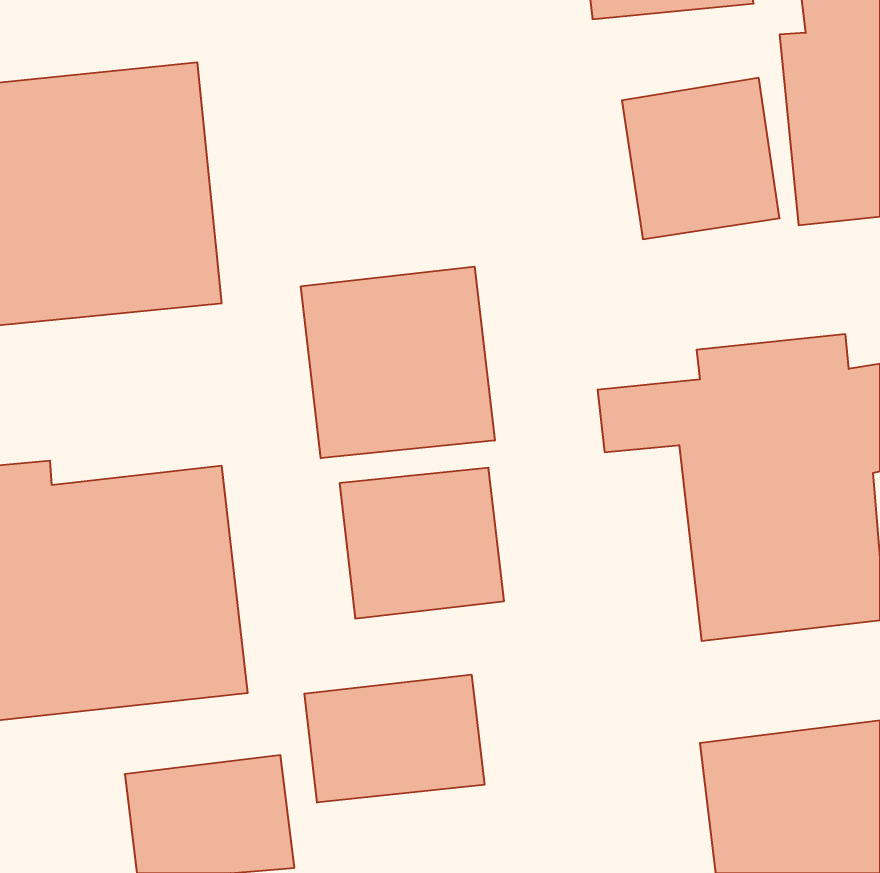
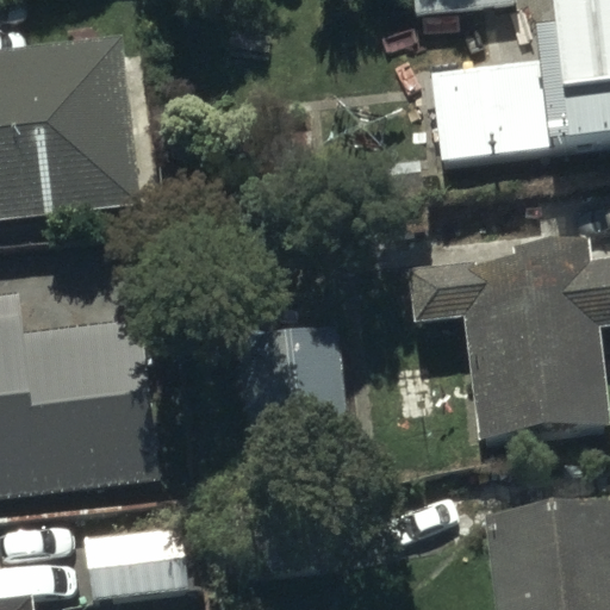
building: [301,267,495,458] -> none
building: [304,675,484,803] -> none

